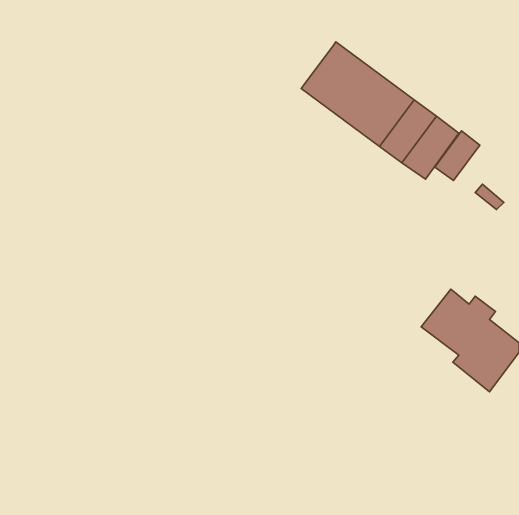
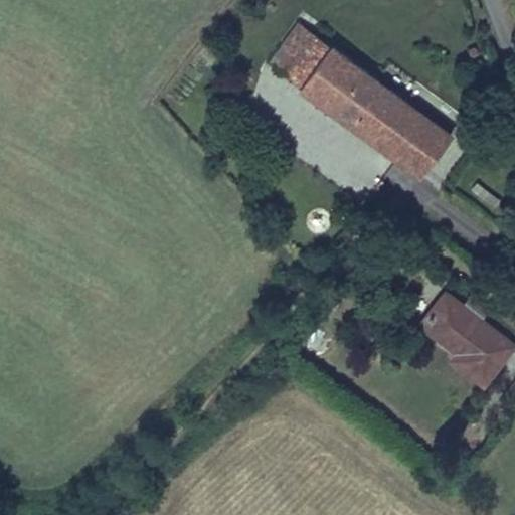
building: none -> [268,24,330,89]
building: [435,131,480,180] -> none

